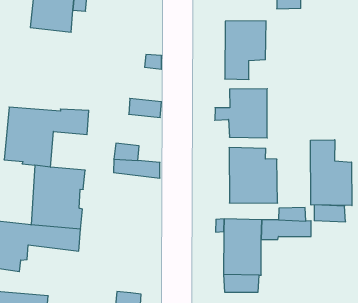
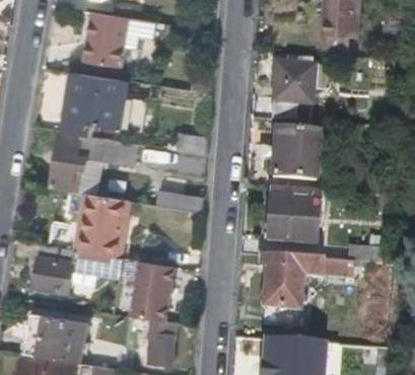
building: none -> [62,74,130,129]
building: [311,140,352,206] -> none
building: none -> [133,260,176,322]

